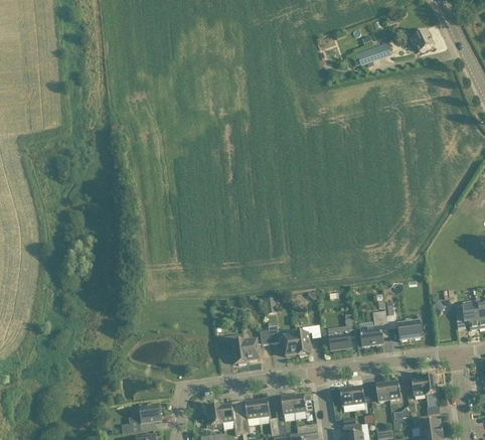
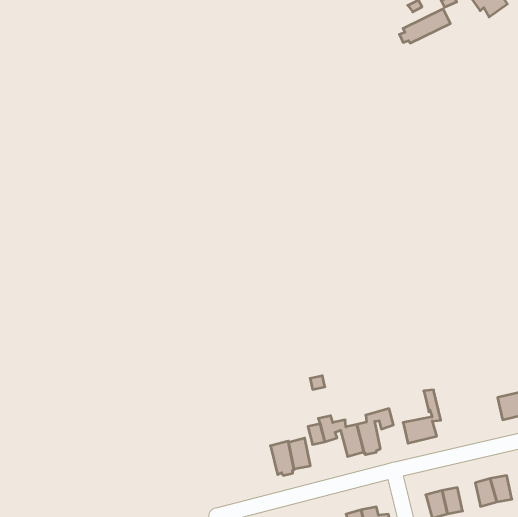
building: [359,310,389,345] -> none

